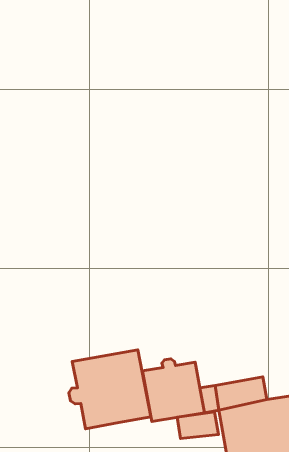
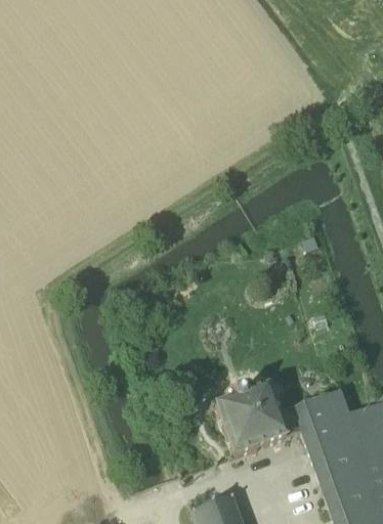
building: [69,350,151,429] -> none
building: [177,412,218,438] -> none

